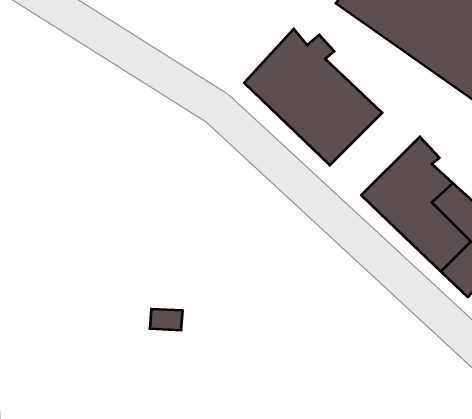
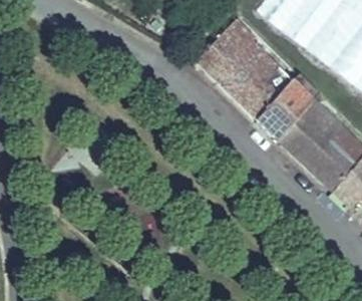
building: none -> [255,83,311,138]

